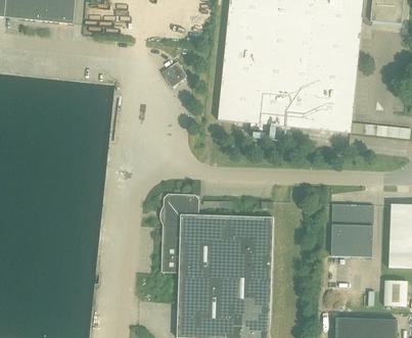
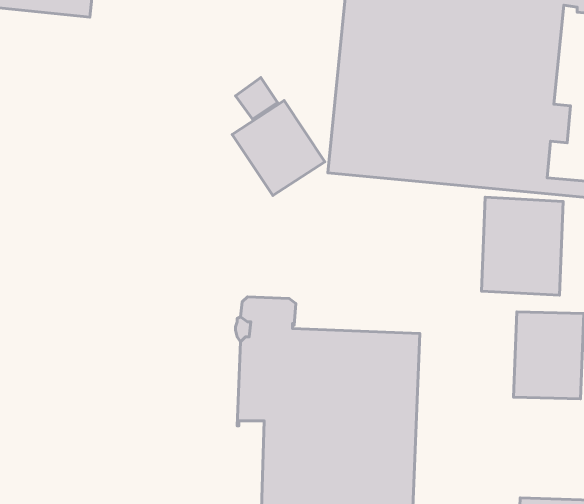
building: none -> [232,101,325,195]
building: none -> [481,197,563,295]

